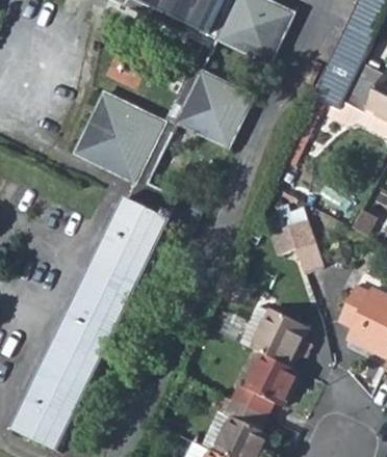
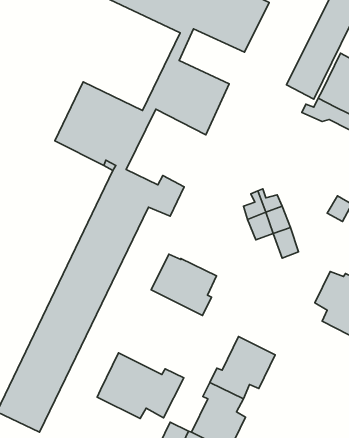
building: [241,304,308,367] -> [151,254,217,315]
building: none -> [97,353,184,419]

